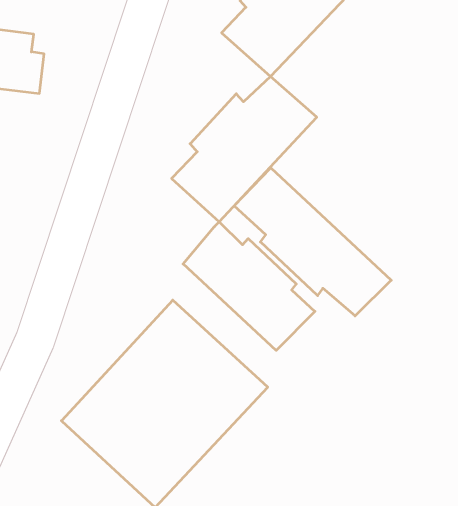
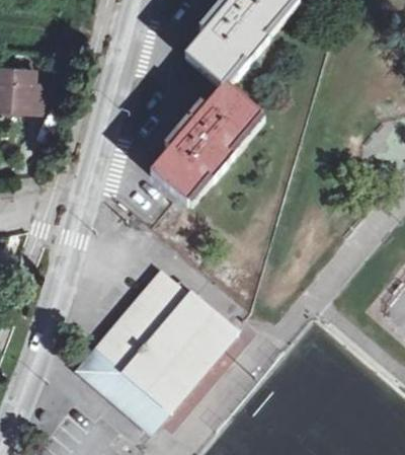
building: [234,168,391,316] -> none
building: [183,222,315,350] -> none

